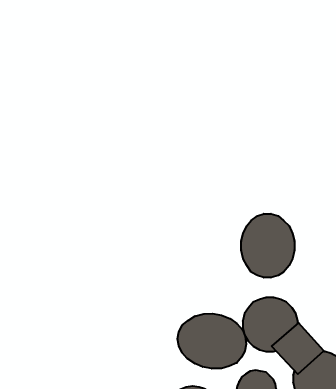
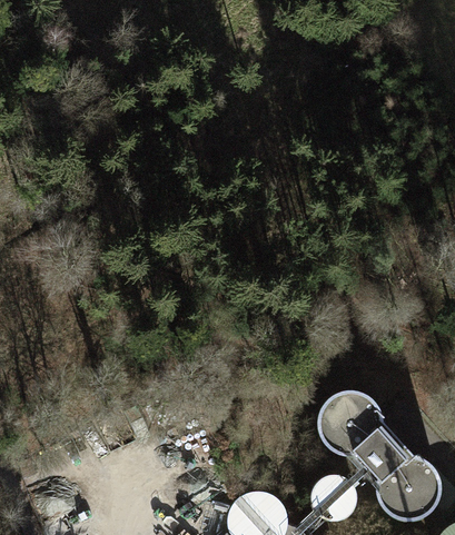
building: [241,214,294,278] -> none
building: [178,314,246,369] -> none

